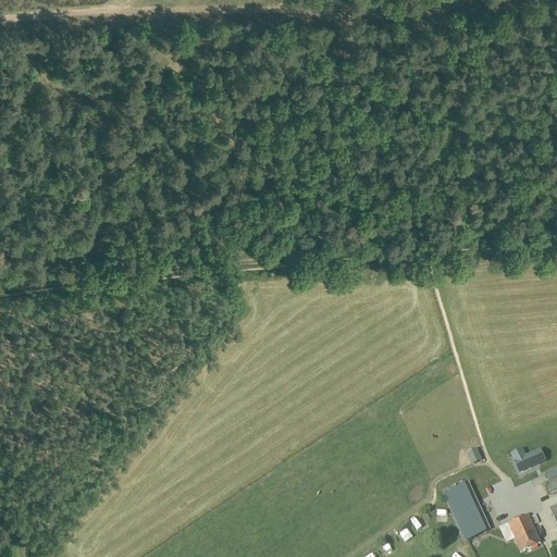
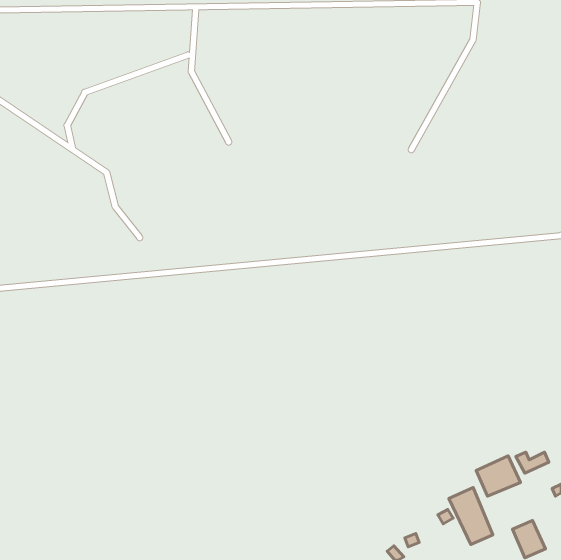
building: none -> [476,456,520,496]

